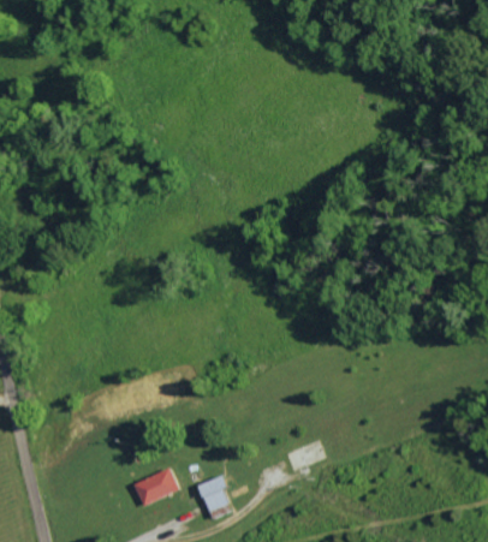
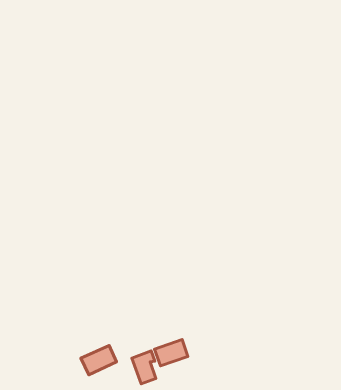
building: none -> [154,339,188,366]

